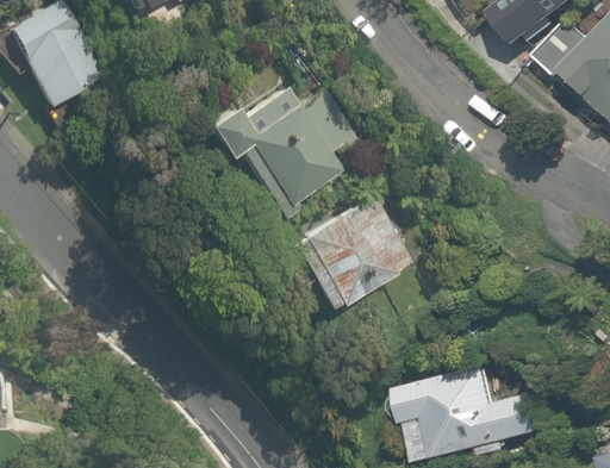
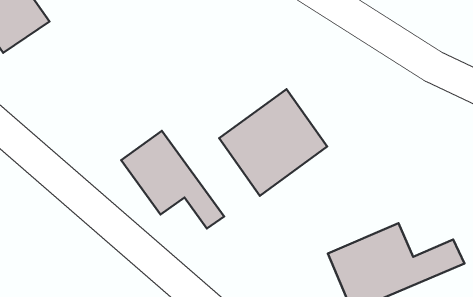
building: [201,92,353,207] -> none
building: none -> [121,131,224,228]

